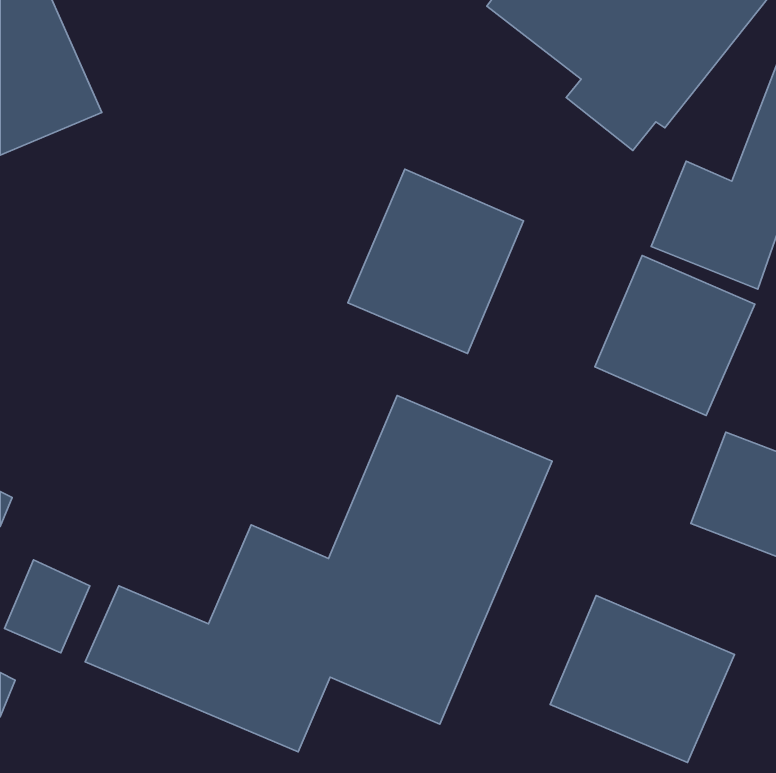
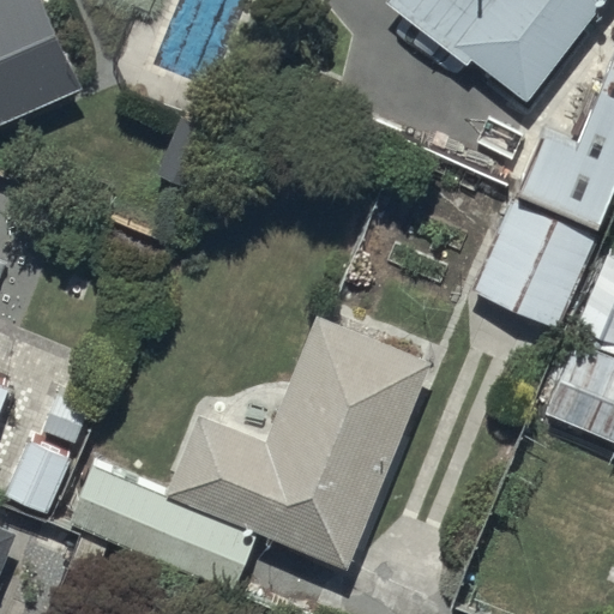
building: [348,169,523,353] -> none
building: [550,595,735,762] -> none

